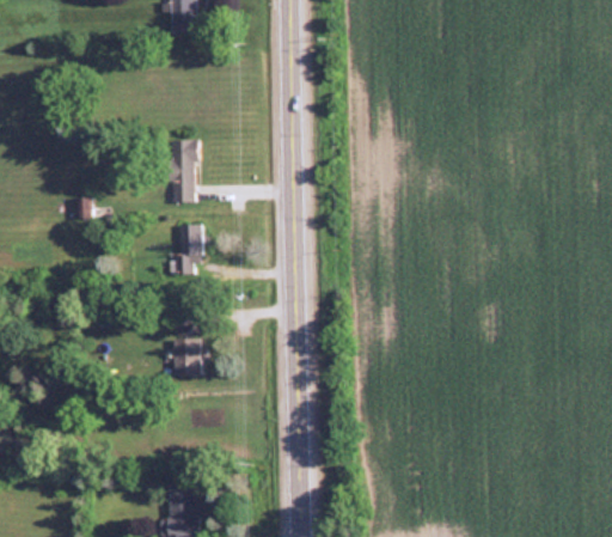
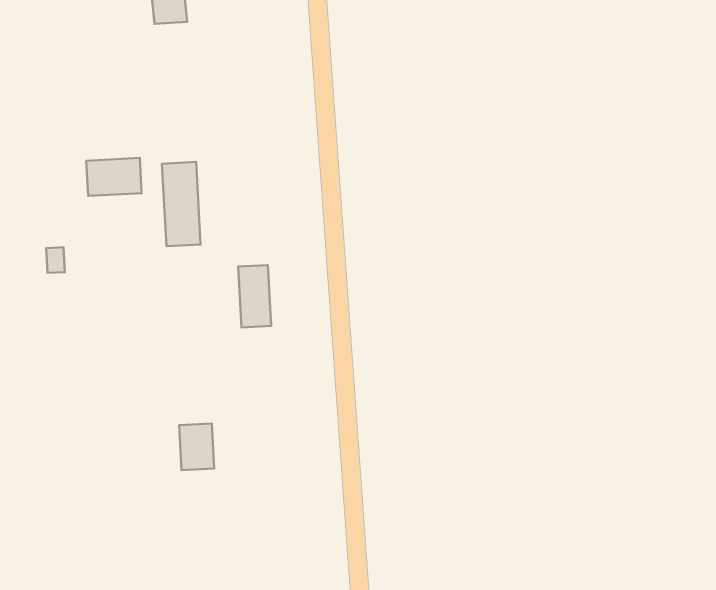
building: none -> [86,158,142,196]
building: [179,226,202,273] -> [238,265,271,327]

